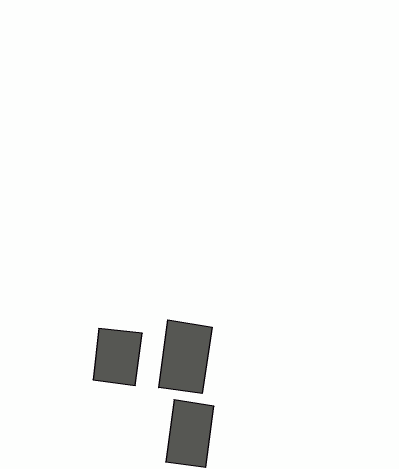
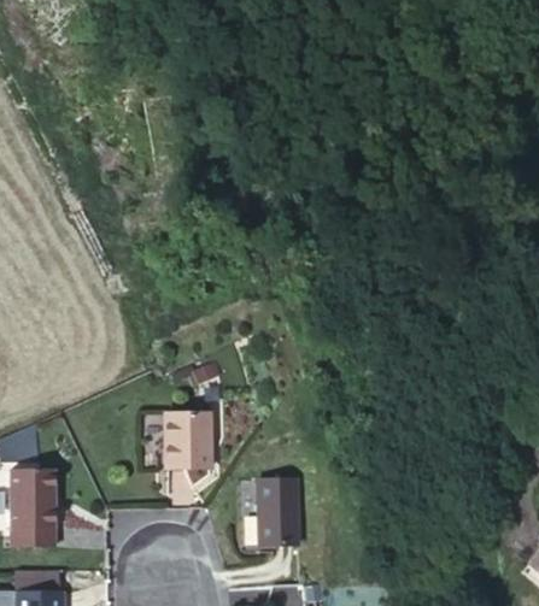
building: [159,320,212,393] -> none

